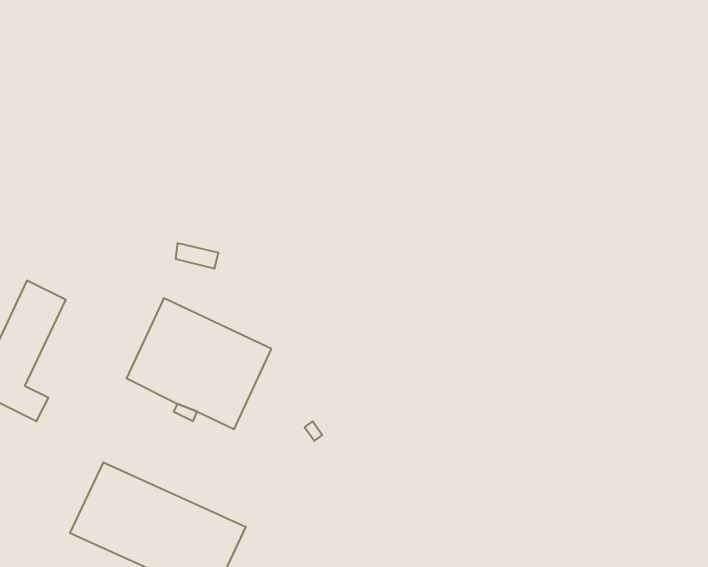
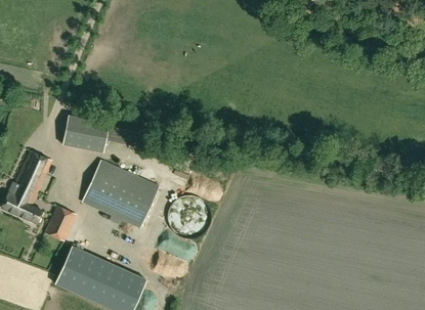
building: none -> [61,115,109,152]
building: none -> [43,205,76,241]

